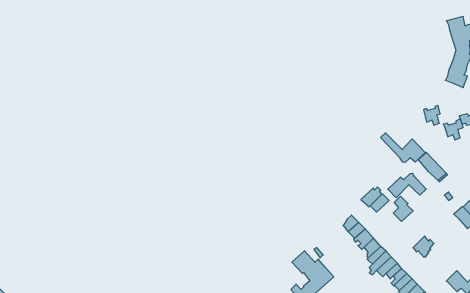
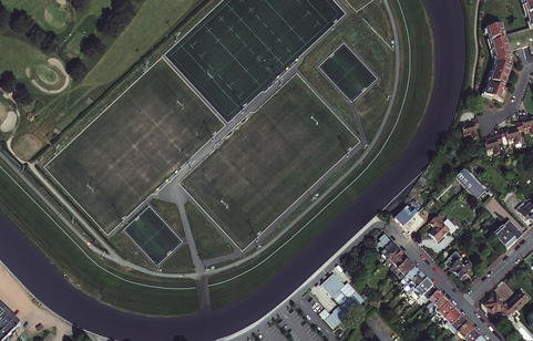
building: [381,133,425,162] -> none
building: [388,173,426,198] -> none

